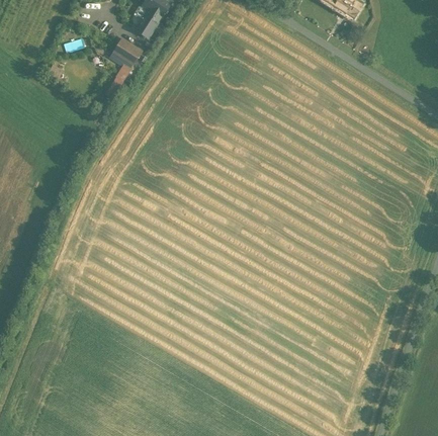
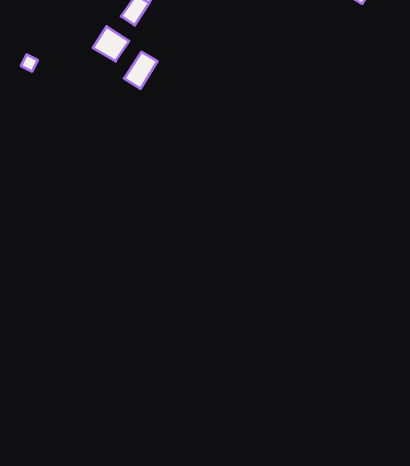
building: none -> [124,52,157,89]

